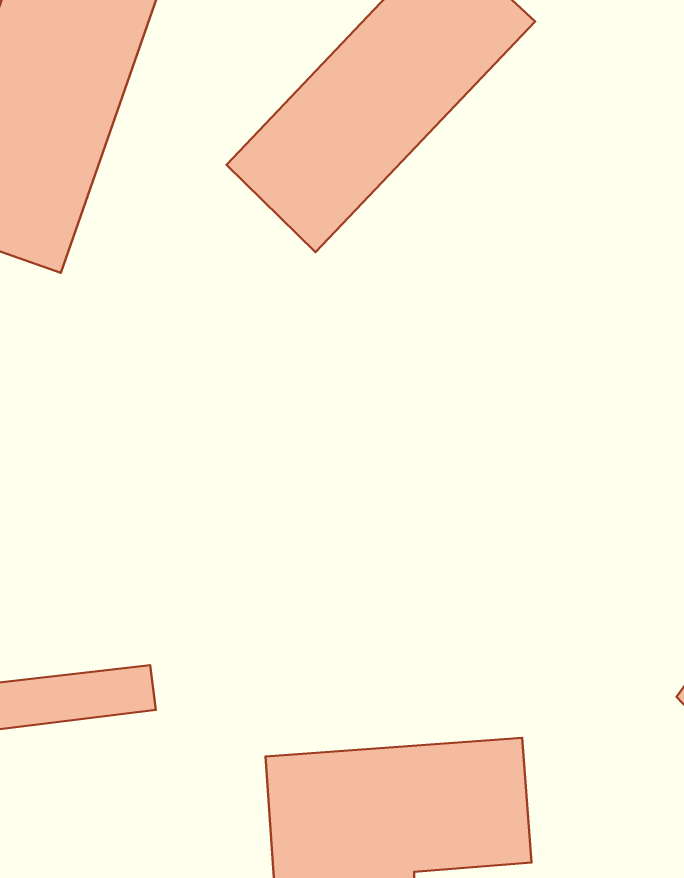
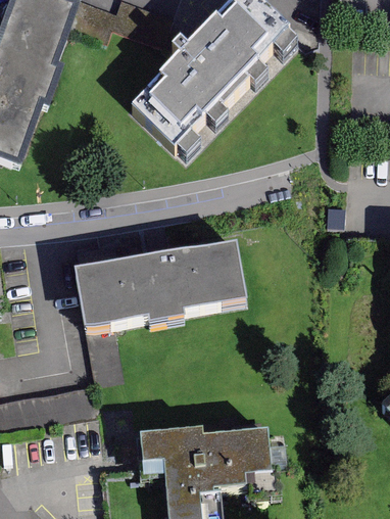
building: none -> [74,239,250,330]

